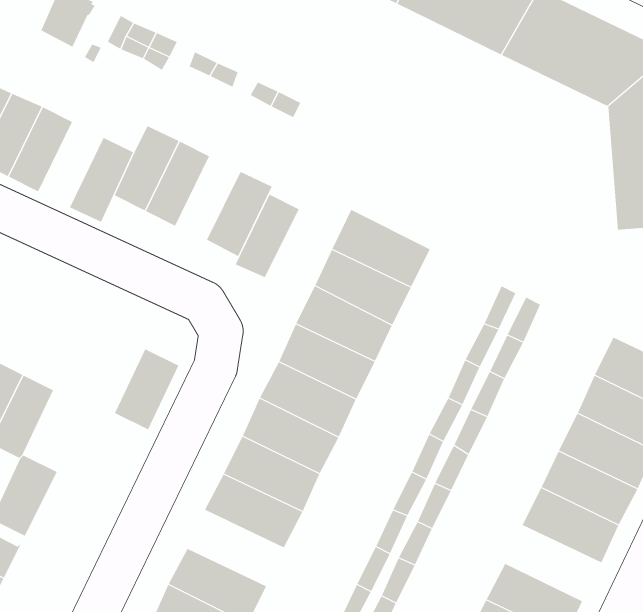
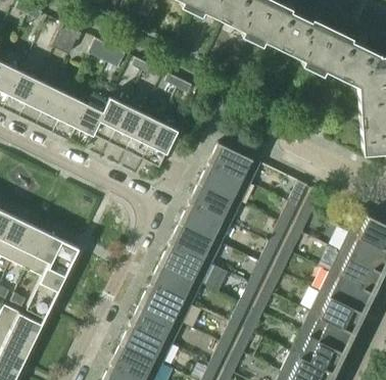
building: none -> [51,94,86,140]
building: [235,194,299,278] -> [125,112,159,157]
building: [114,348,179,430] -> [43,238,78,282]
building: none -> [131,302,183,343]
building: none -> [301,311,353,351]

